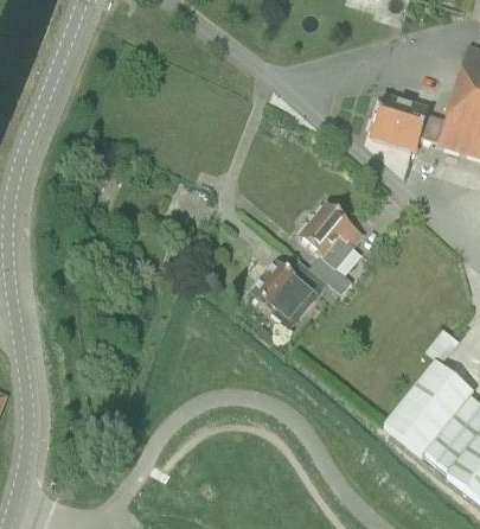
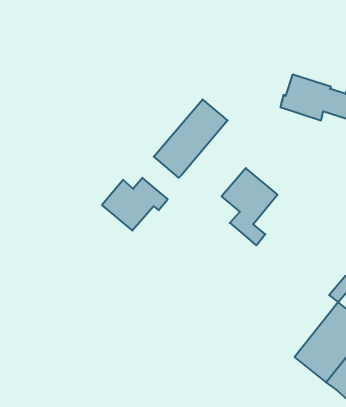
building: none -> [154,99,228,178]
building: [254,262,331,324] -> [102,178,168,231]

